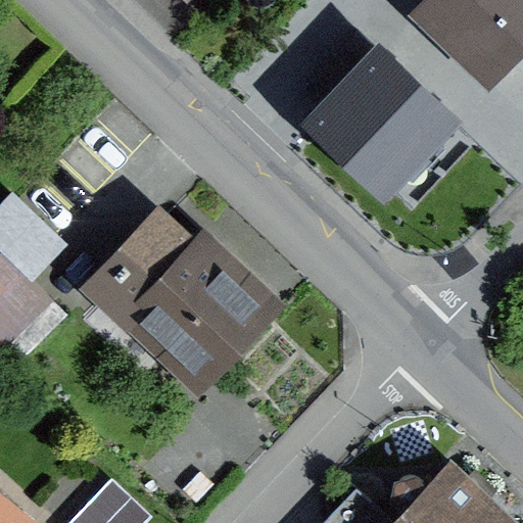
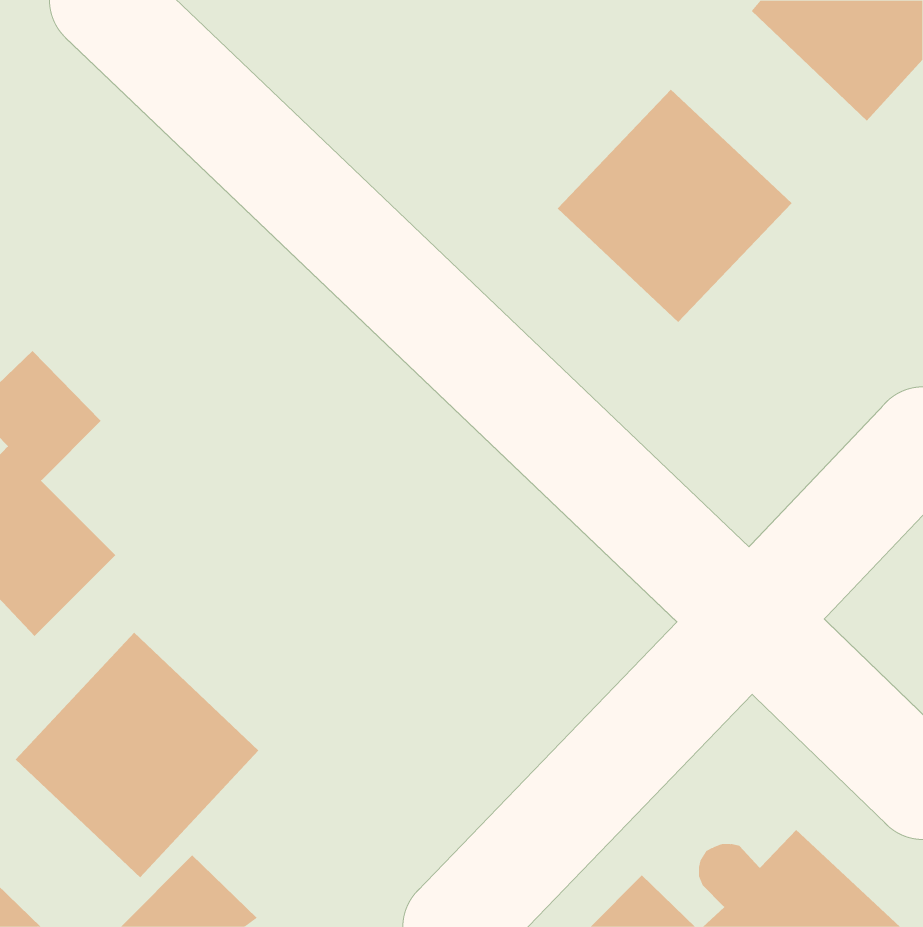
building: [93,213,260,368] -> none
building: none -> [15,632,259,878]

